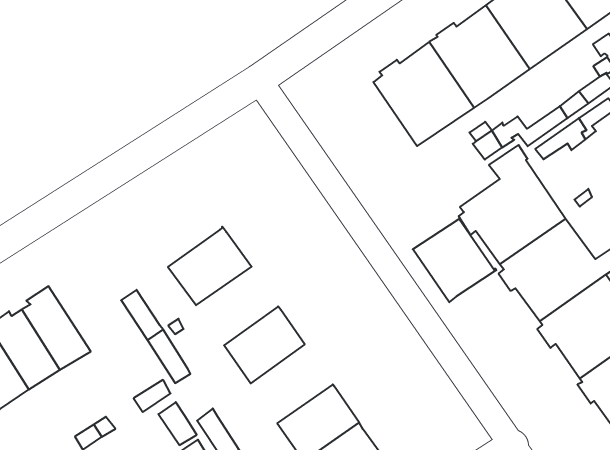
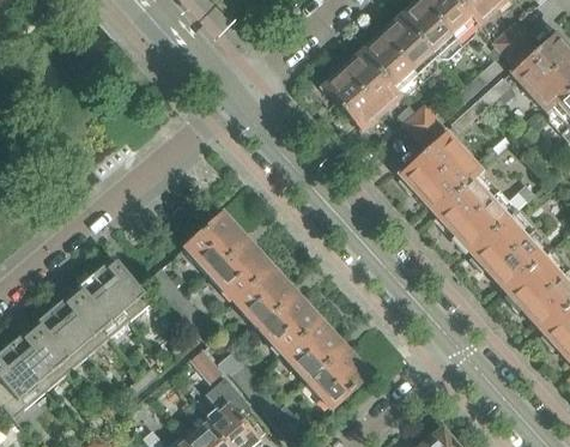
building: [413,219,496,302] -> none
building: none -> [208,238,271,301]
building: none -> [95,258,153,319]
building: none -> [257,292,320,355]

